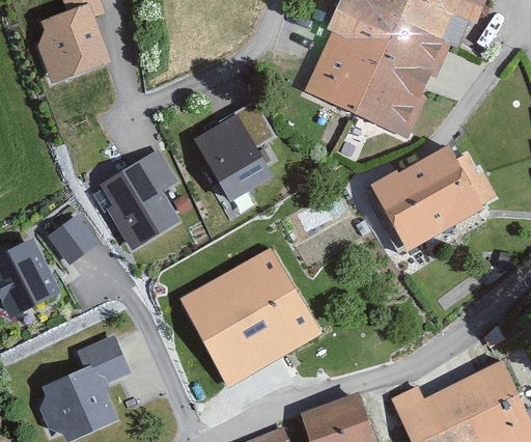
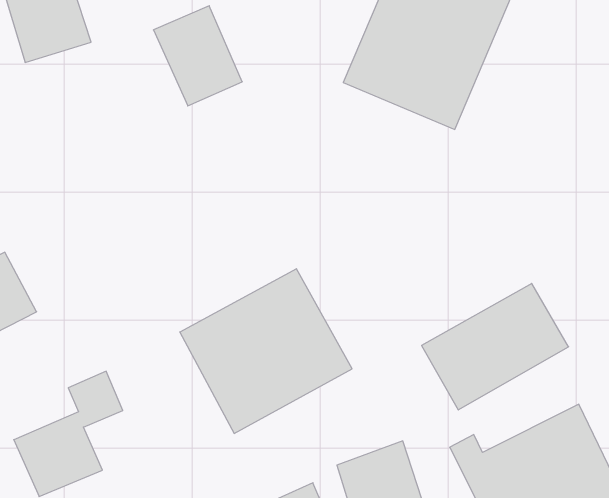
building: [202,117,275,199] -> [153,6,242,106]
building: [367,147,487,251] -> [422,283,569,410]
building: [104,157,177,250] -> none
building: [52,214,96,258] -> none

